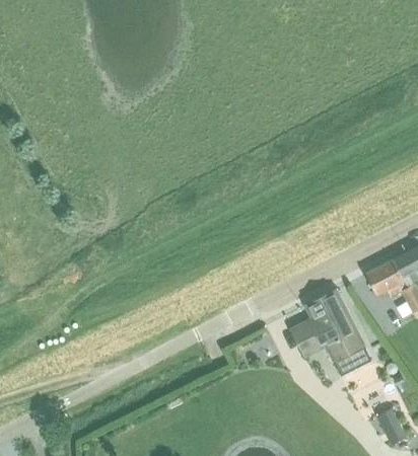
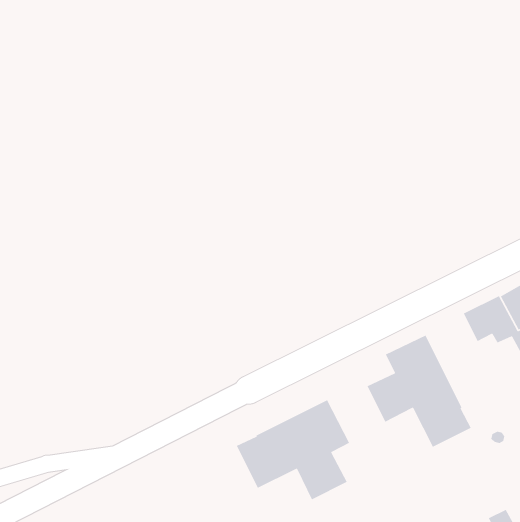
building: none -> [236,399,350,500]

